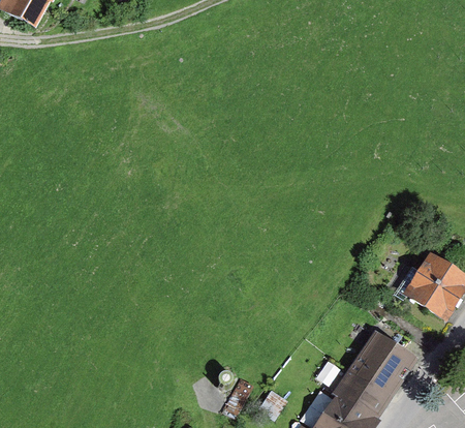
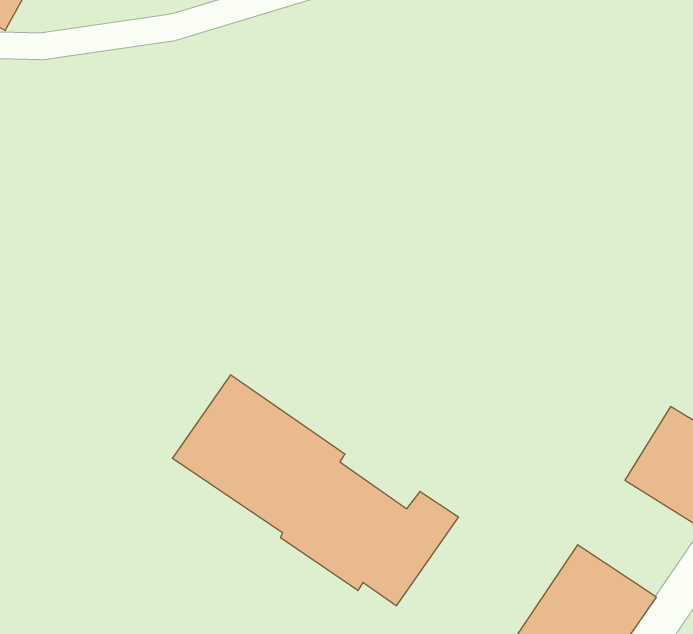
building: none -> [172,375,459,606]

